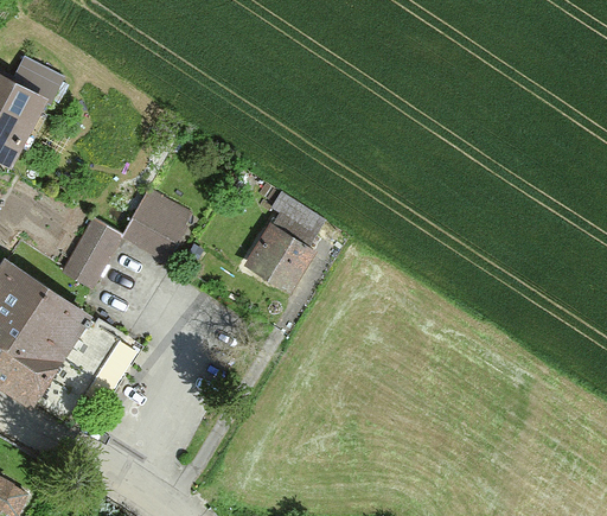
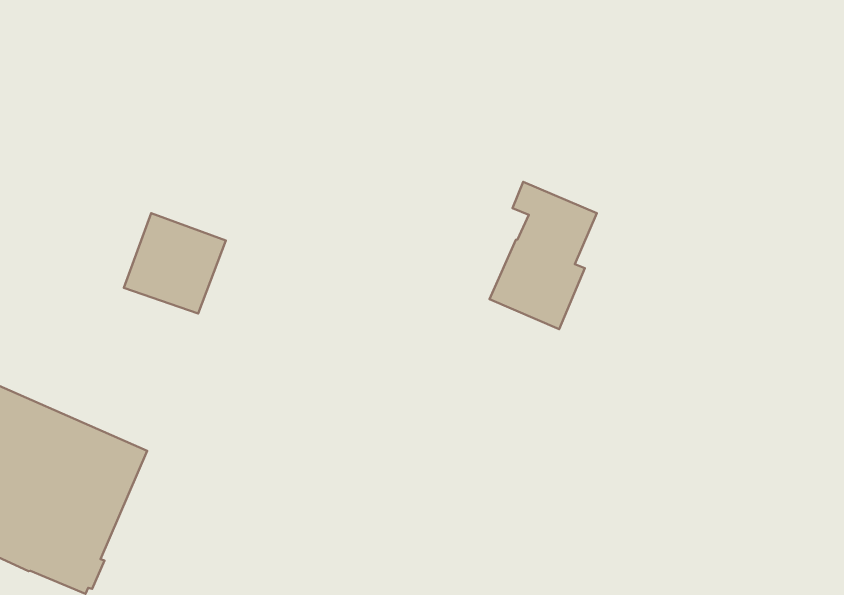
building: [249,192,325,288] -> [490,182,597,329]
building: [64,216,121,284] -> none

